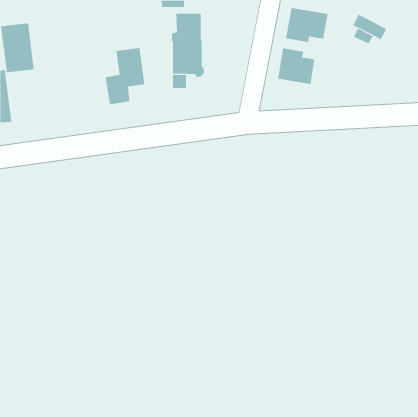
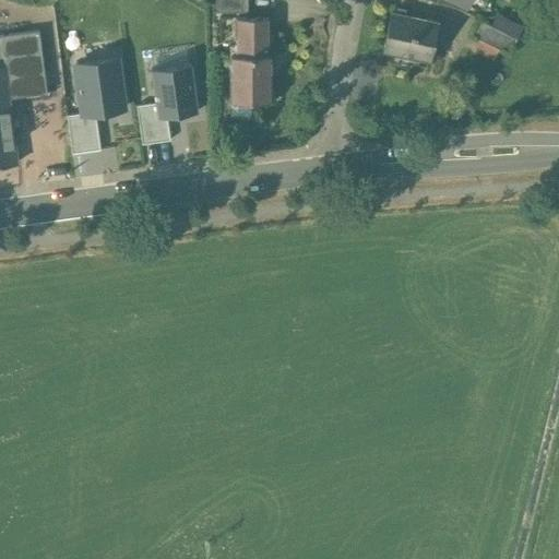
building: none -> [68,57,131,154]
building: [278,47,315,85] -> none

